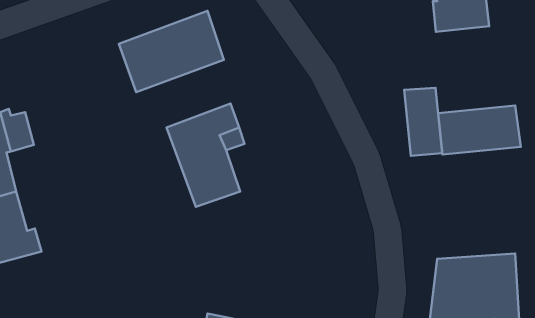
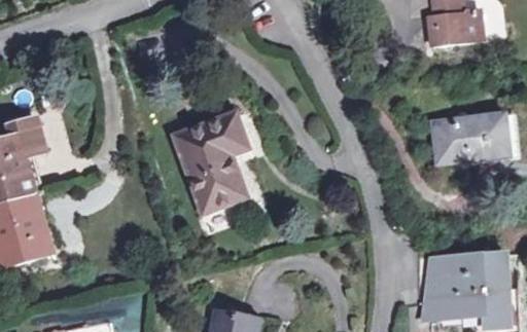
building: [119,11,224,92] -> none
building: [404,88,442,156] -> none

